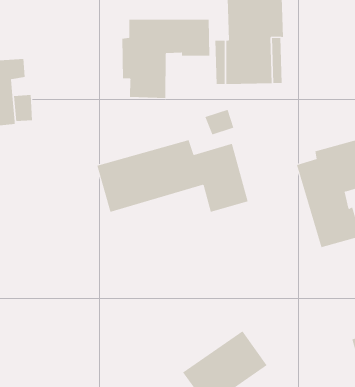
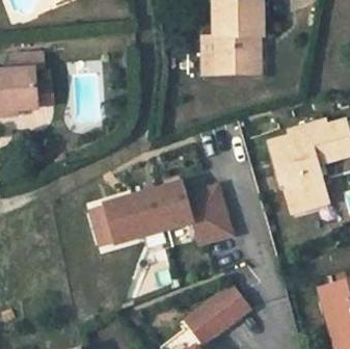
building: [122,19,210,99] -> none
building: [96,140,248,212] -> [104,183,232,244]

